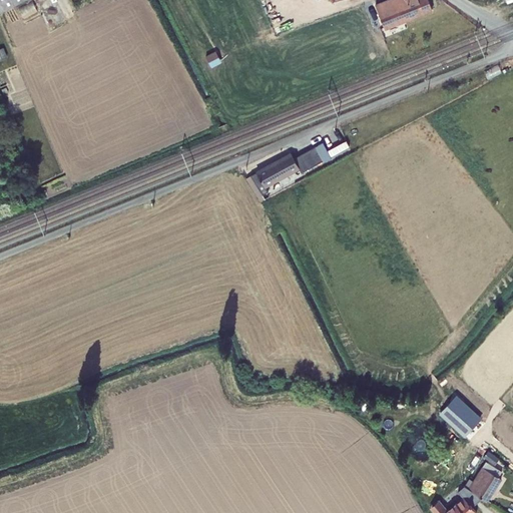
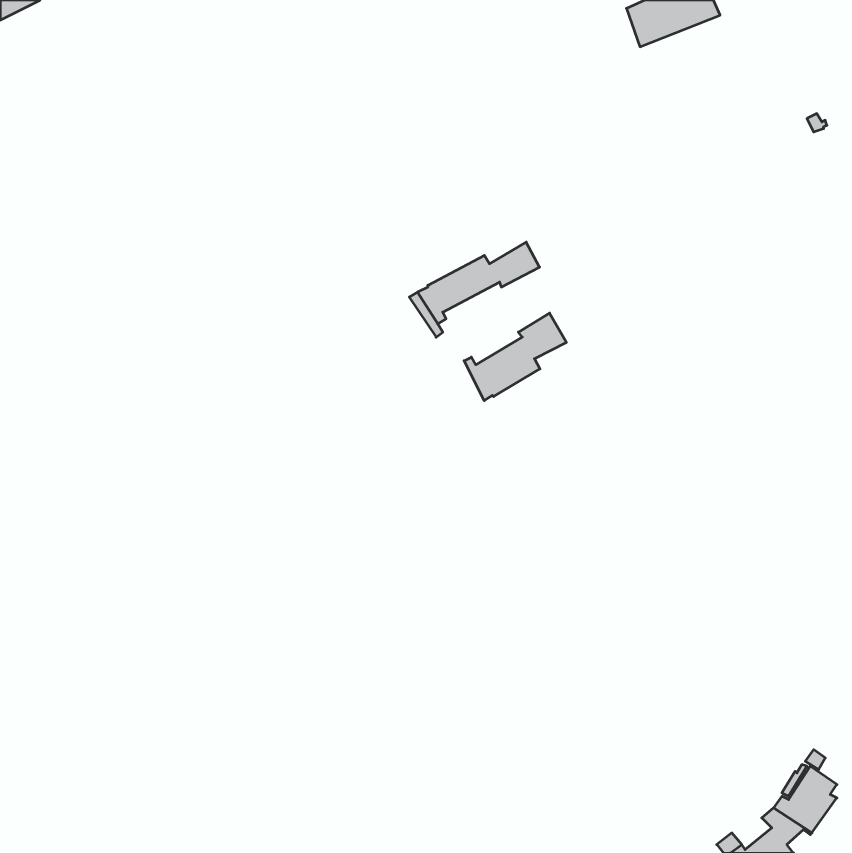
building: none -> [464,313,566,401]
building: [441,394,484,436] -> none

